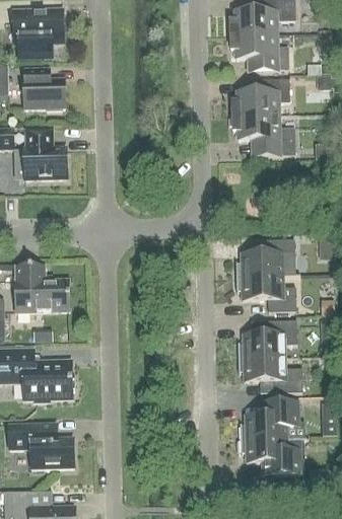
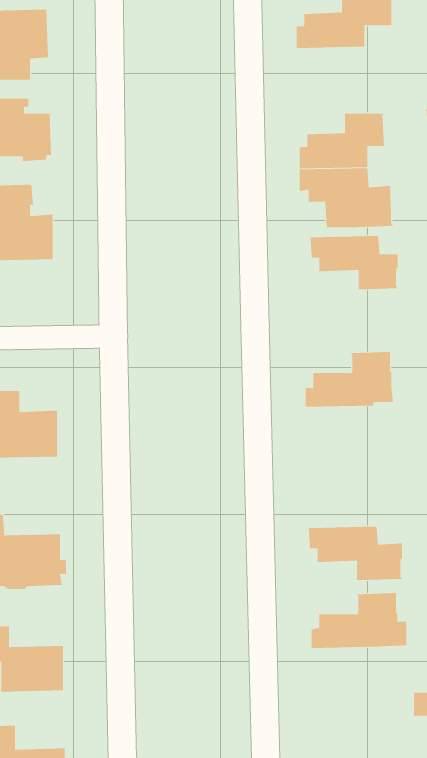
building: [228,34,288,71] -> none
building: [234,276,294,312] -> [310,236,398,290]
building: [236,320,295,358] -> none
building: [238,438,302,474] -> none

